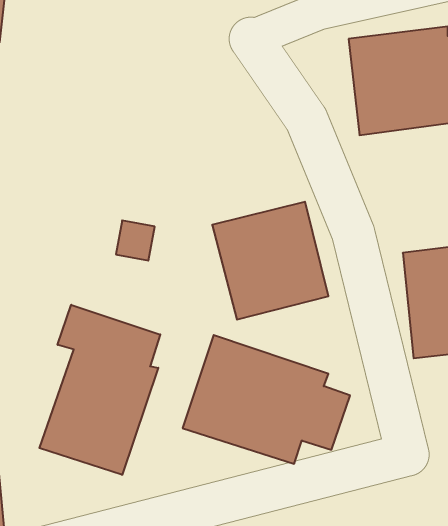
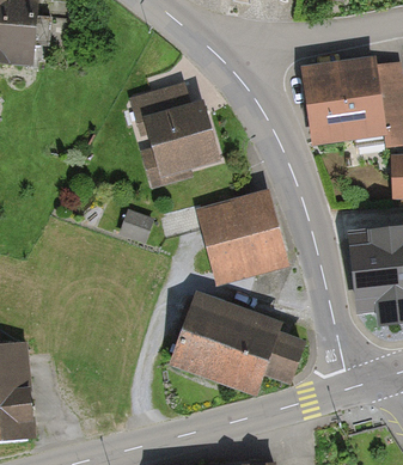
building: none -> [128,81,215,172]
building: [39,305,160,475] -> none

